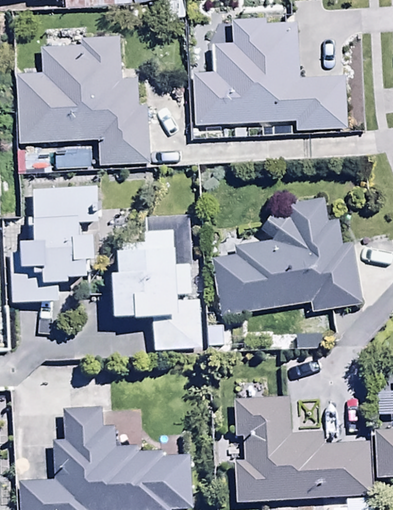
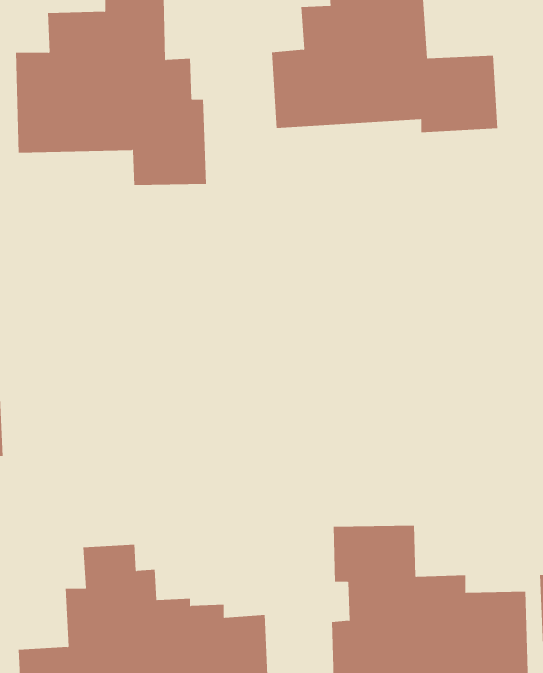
building: [12,184,98,300] -> none
building: [212,194,362,314] -> none
building: [117,229,202,350] -> none

